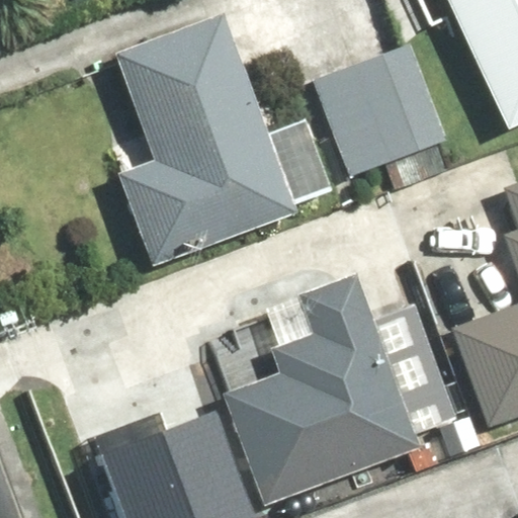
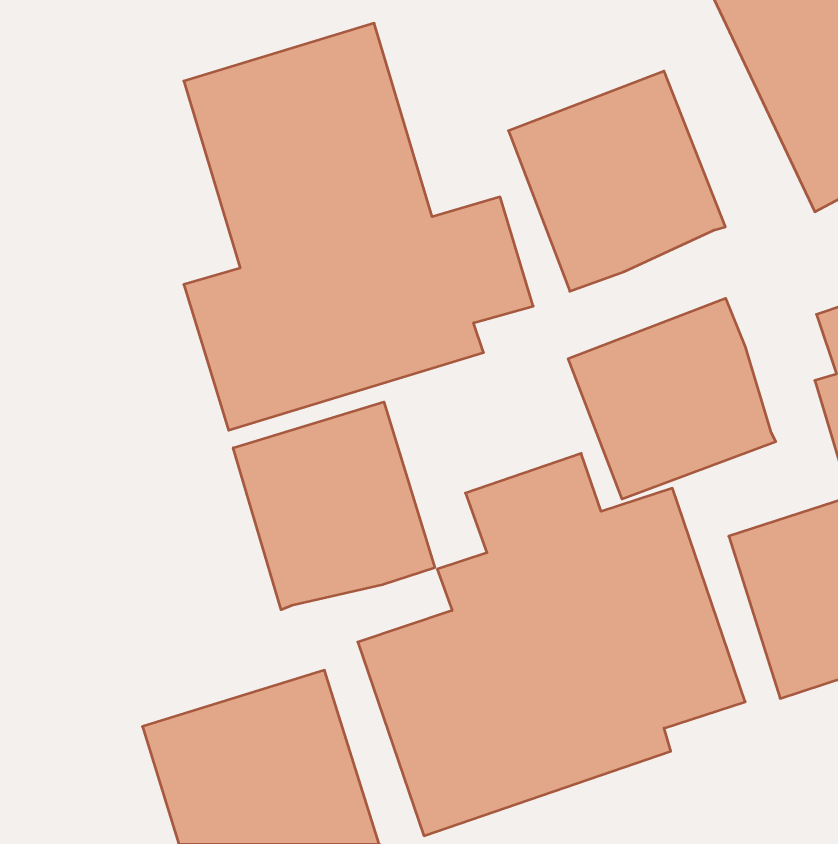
building: none -> [568,298,776,499]
building: none -> [233,402,435,610]

